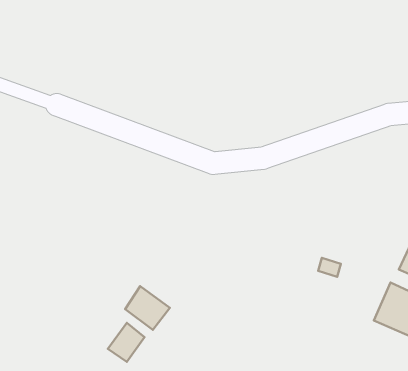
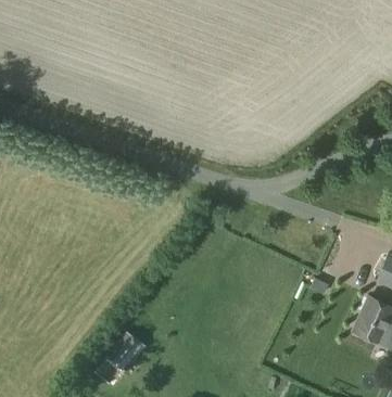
building: [125,286,170,330] -> none

